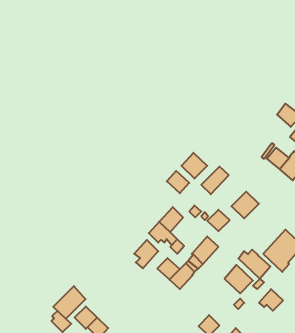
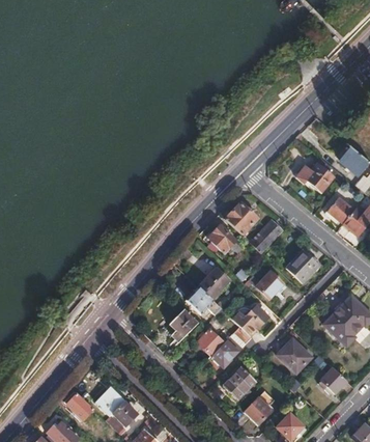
building: none -> [295,157,345,192]
building: [238,250,270,279] -> none
building: [53,286,86,319] -> none
building: none -> [224,367,255,399]

